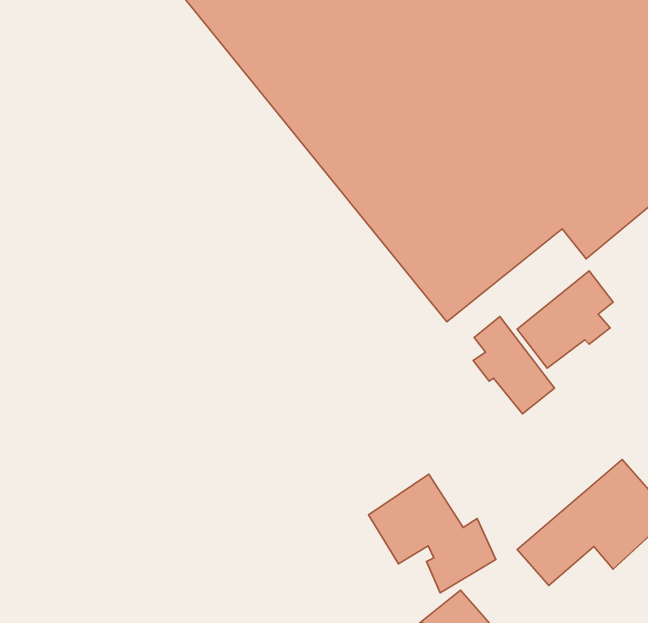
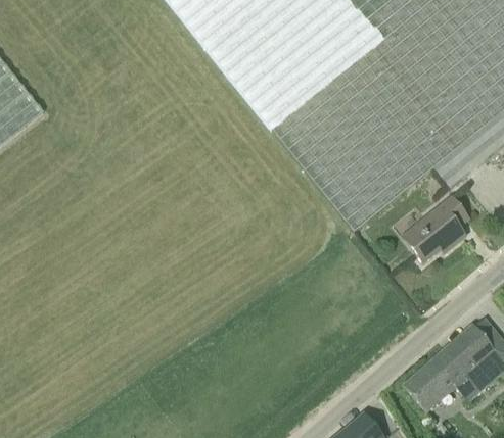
building: [473,316,554,414] -> none
building: [369,474,496,593] -> none

